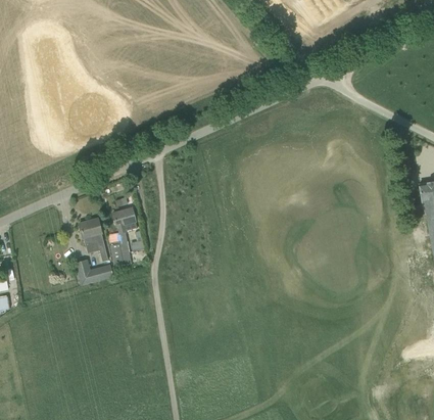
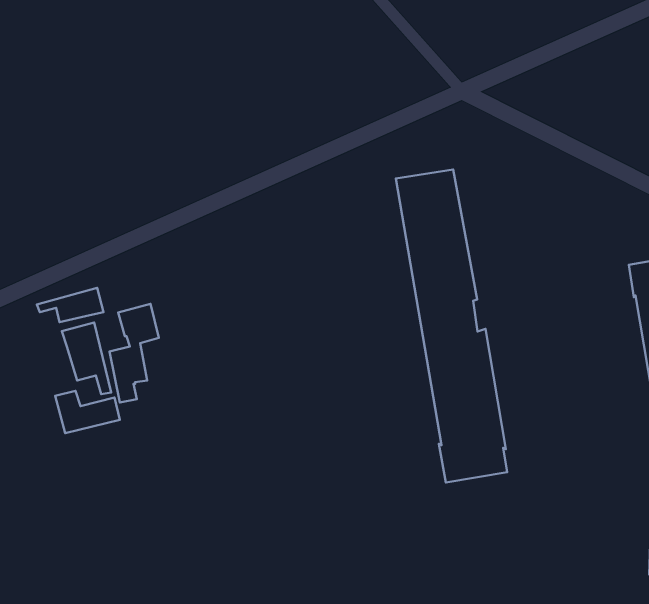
building: none -> [396,170,507,483]
building: none -> [37,288,104,322]

